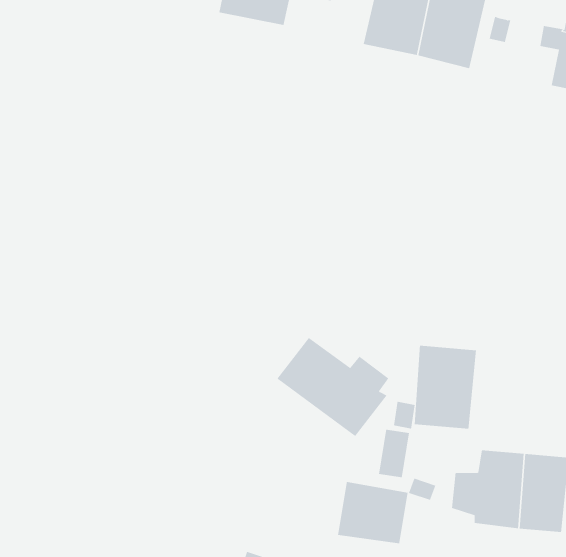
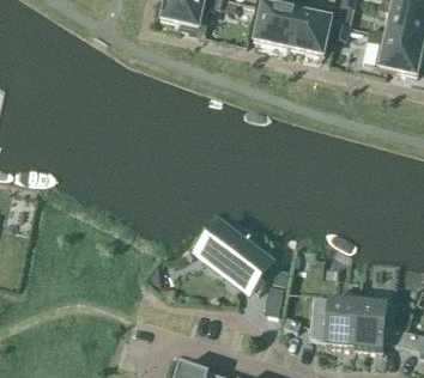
building: [414,345,476,429] -> none
building: [338,481,408,544] -> none

